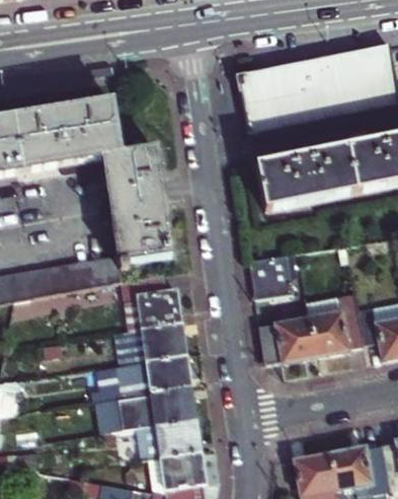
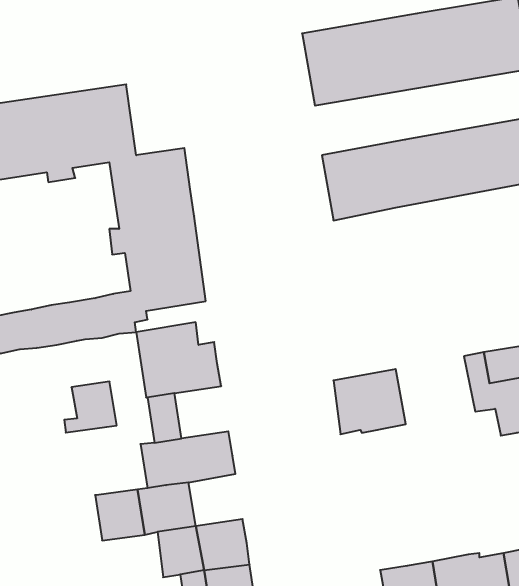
building: [251,253,294,296] -> none
building: [303,286,363,351] -> none
building: [148,324,186,361] -> none
building: [91,365,129,402] -> [64,382,117,433]
building: [158,386,196,424] -> none

